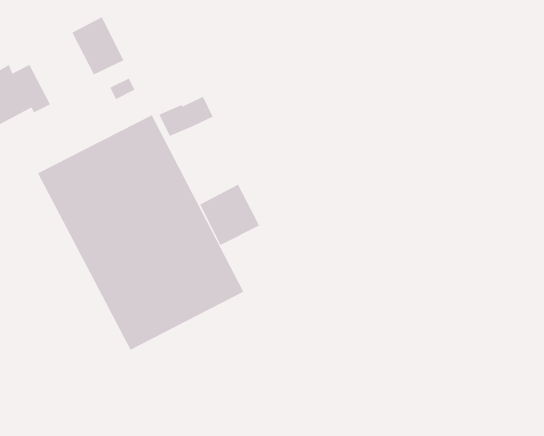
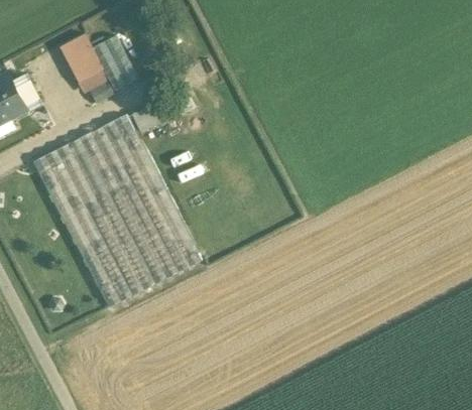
building: none -> [93,35,138,90]
building: [200,184,260,246] -> none

